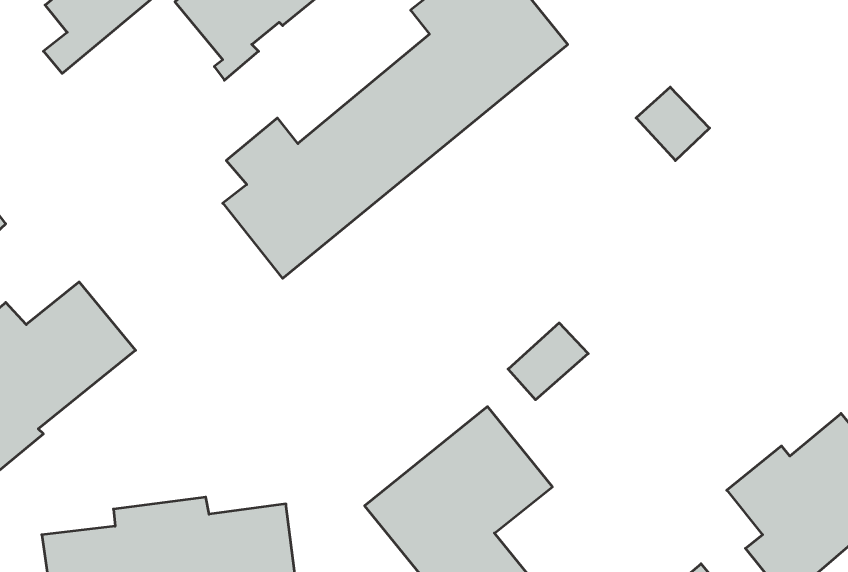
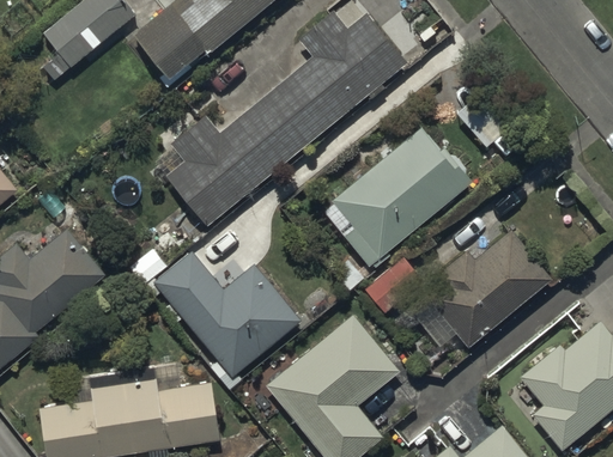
building: none -> [330,124,472,268]
building: none -> [411,227,552,347]
building: none -> [154,252,299,377]

